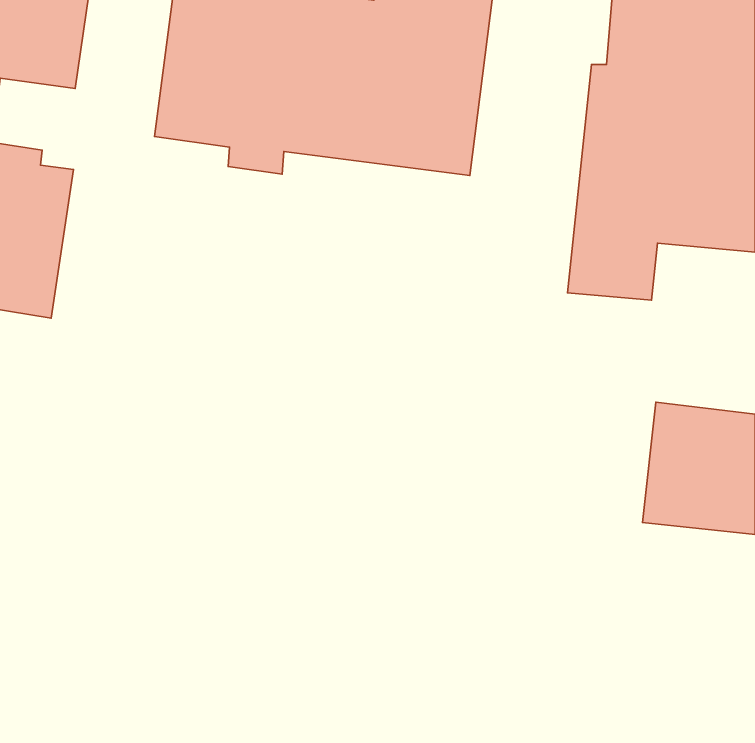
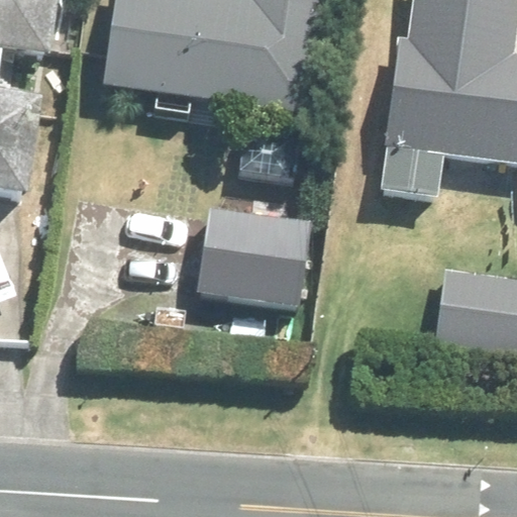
building: none -> [196,210,313,344]

